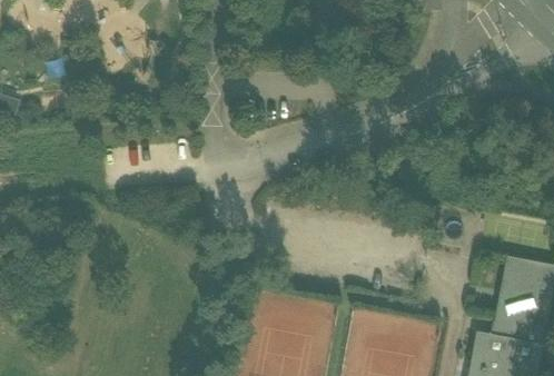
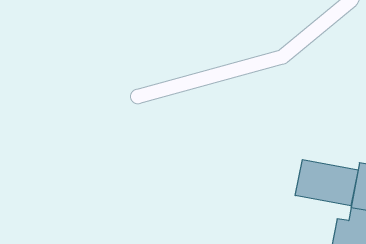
building: none -> [295,160,358,206]

